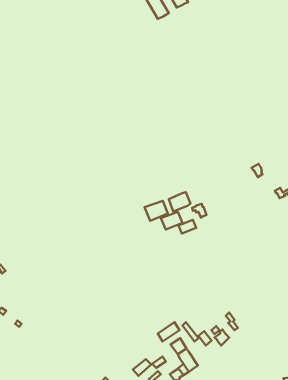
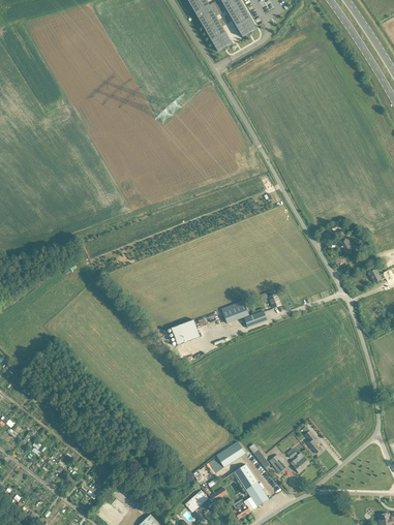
building: [169,192,191,211] -> none
building: [144,201,168,221] -> [171,319,201,345]

